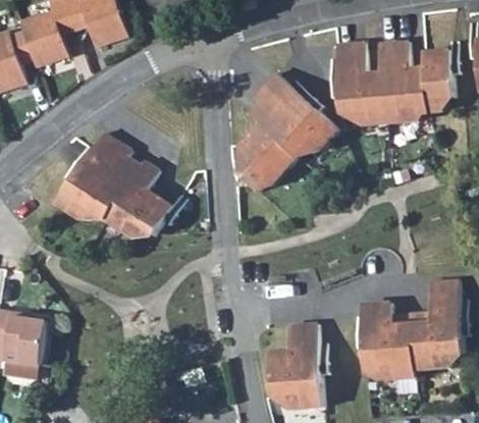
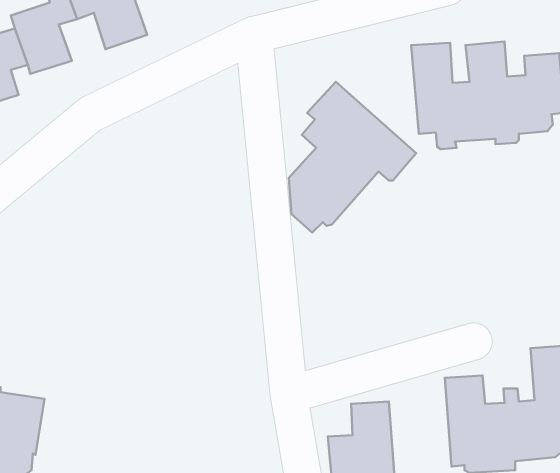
building: [56,131,171,237] -> none

